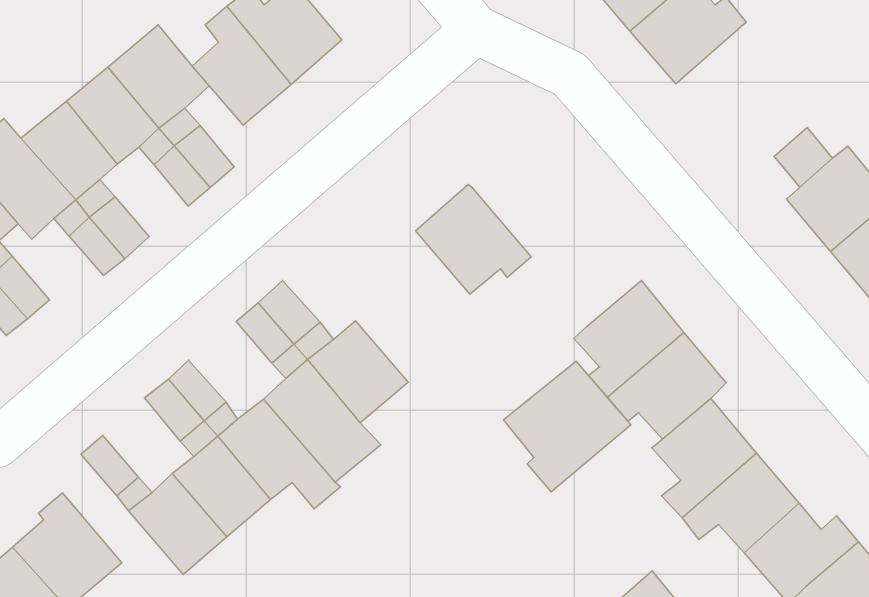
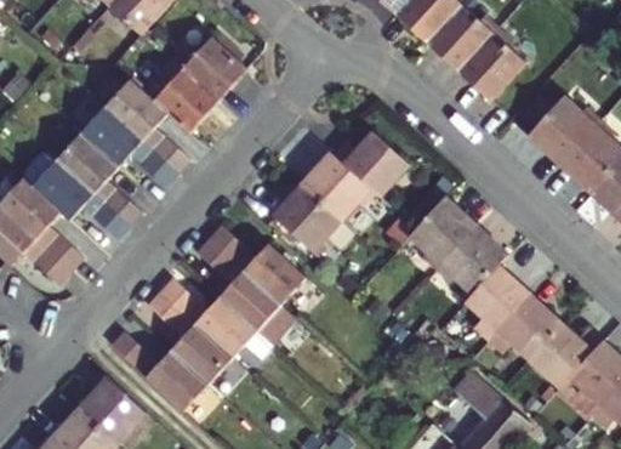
building: none -> [454,28,518,100]
building: none -> [335,129,411,194]
building: none -> [274,183,342,254]
building: [504,361,631,492] -> none

